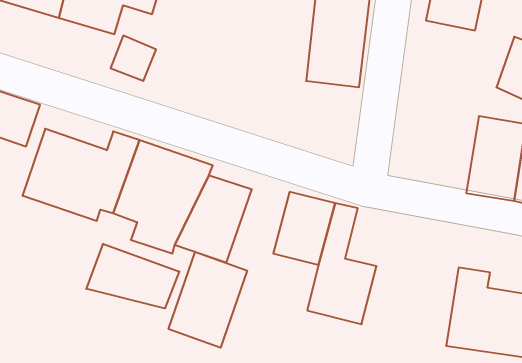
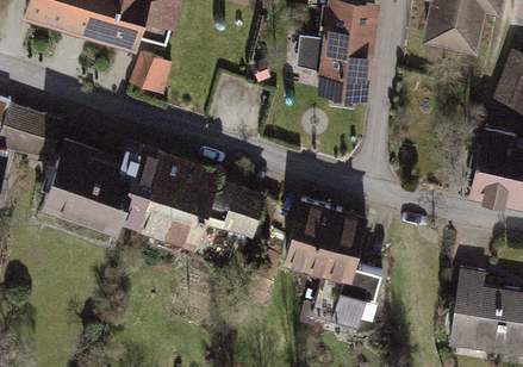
building: [86,244,179,308] -> none
building: [169,252,247,348] -> none

